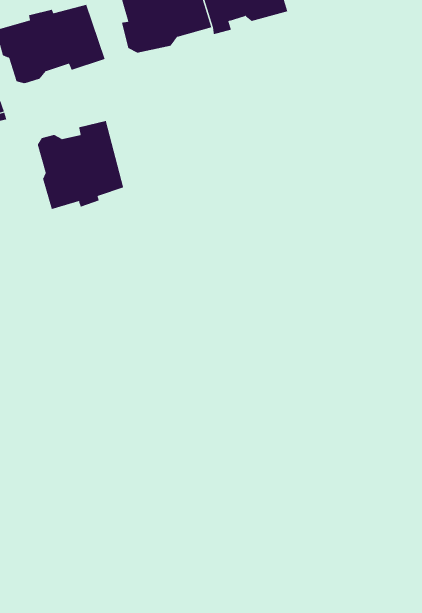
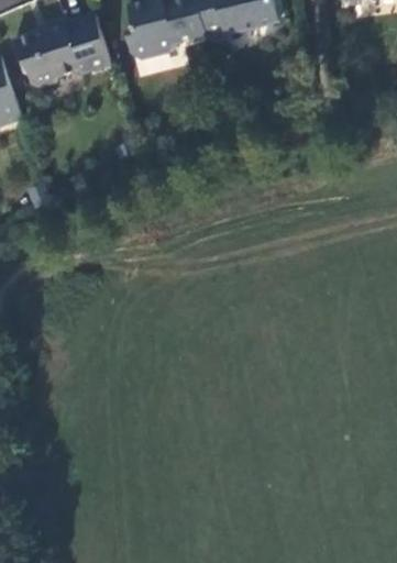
building: [37,120,124,210] -> none

